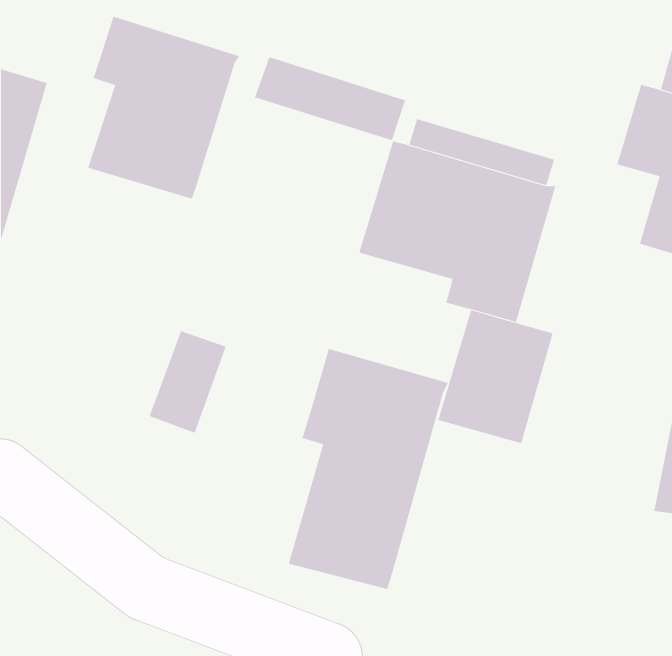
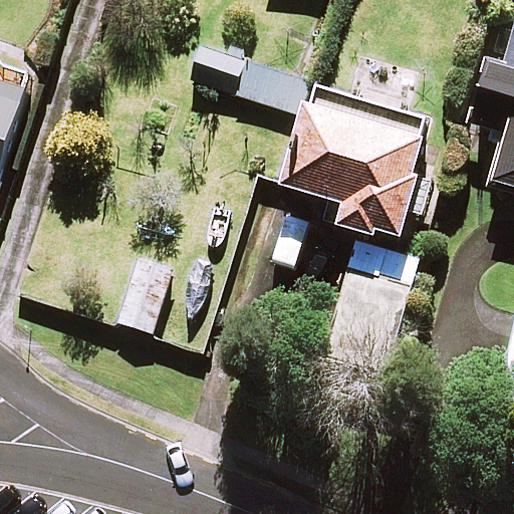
building: [88,16,240,199] -> none
building: [288,348,449,590] -> none

